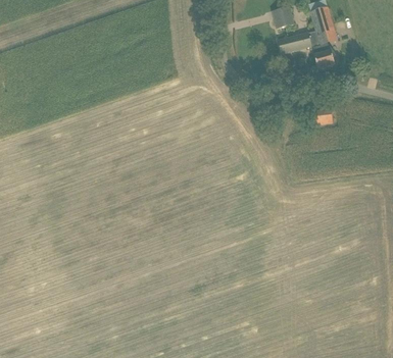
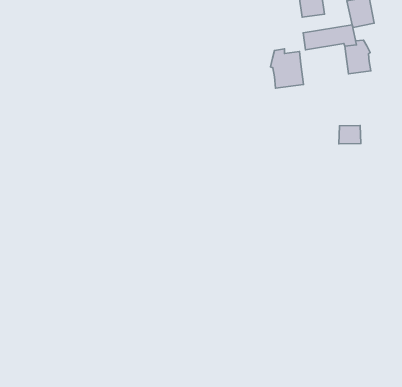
building: none -> [271,49,304,88]

